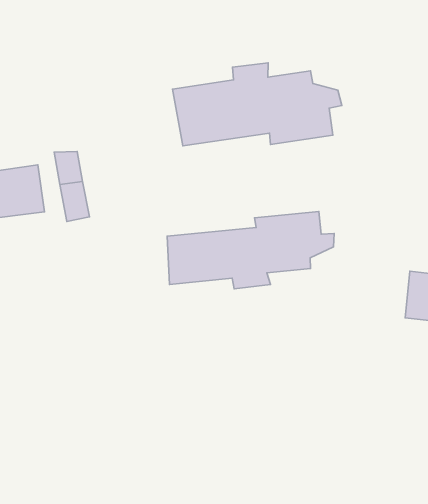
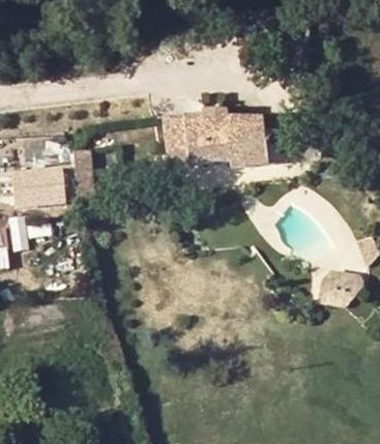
building: [167,212,334,289] -> none

